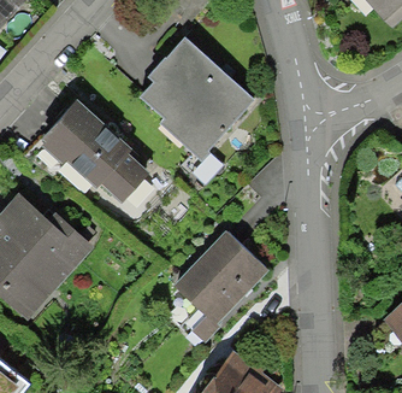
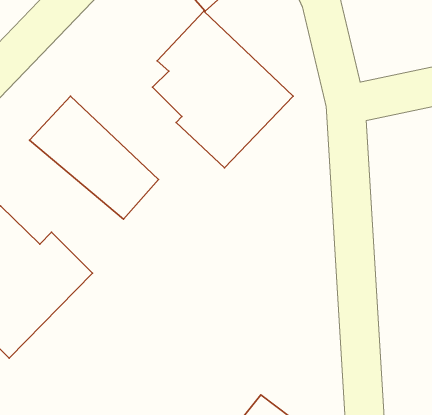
building: [173,225,272,341] -> none

